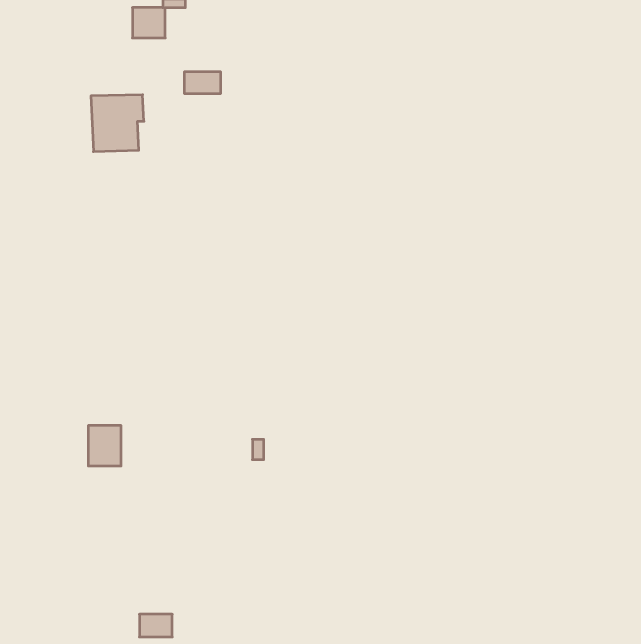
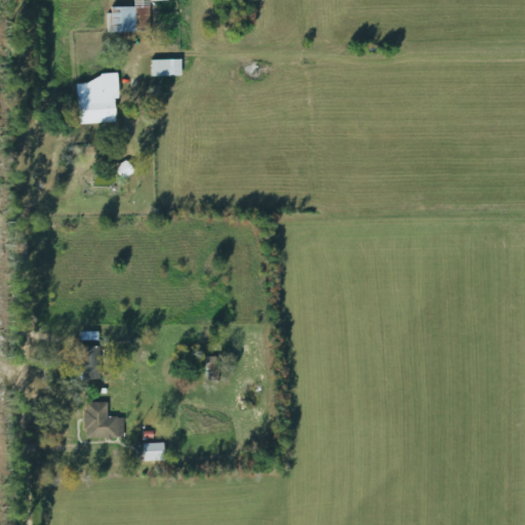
building: none -> [85,401,125,438]
building: [139,614,172,637] -> [138,442,165,460]

